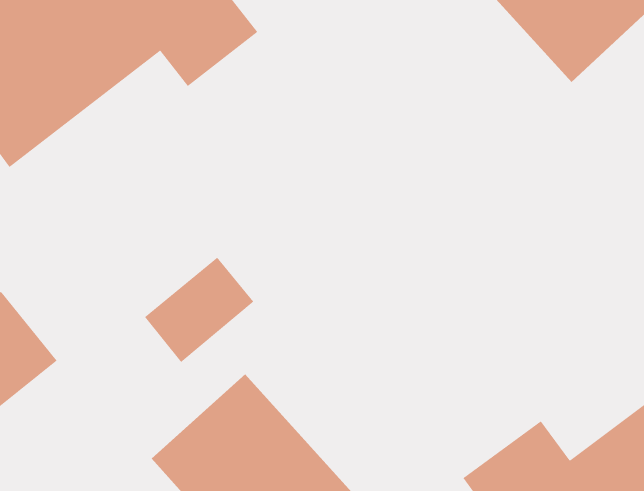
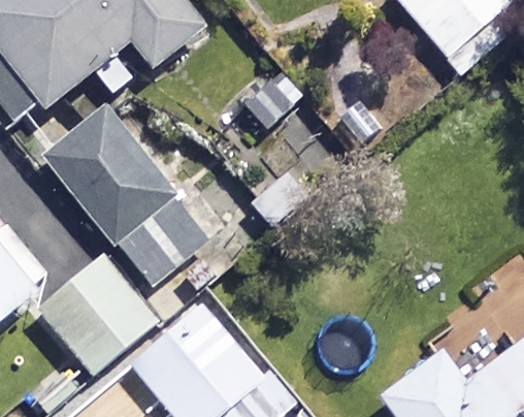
building: none -> [40,111,172,247]
building: none -> [38,254,161,380]

